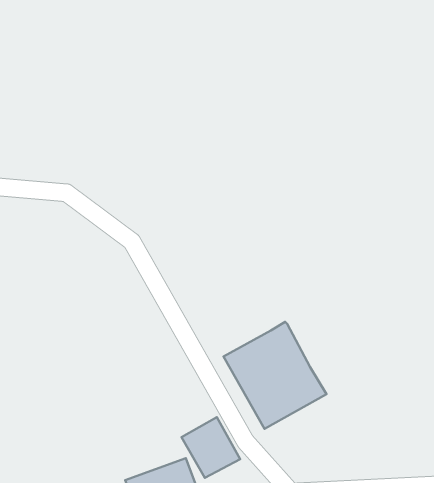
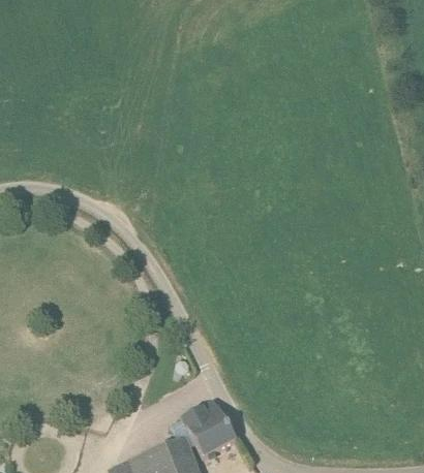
building: [223,322,326,429] -> none

